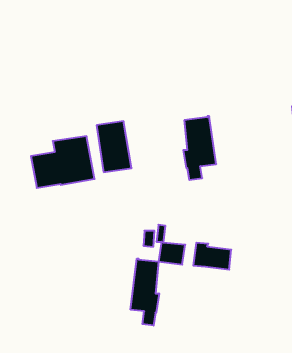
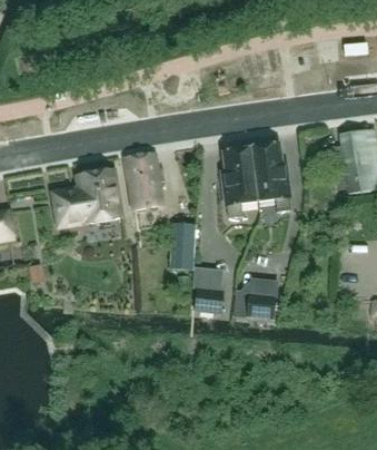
building: none -> [250,141,290,211]
building: none -> [172,222,196,267]
building: [131,259,159,326] -> none

